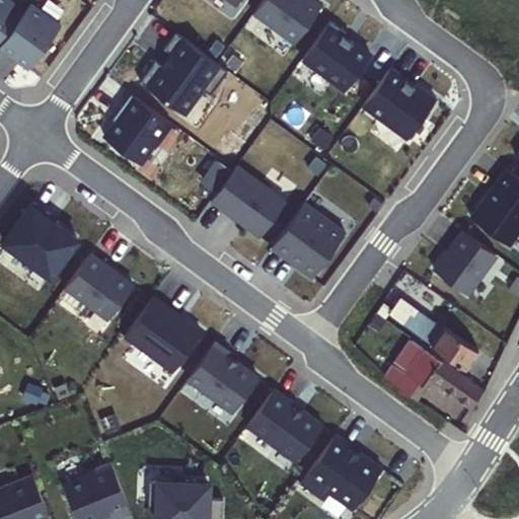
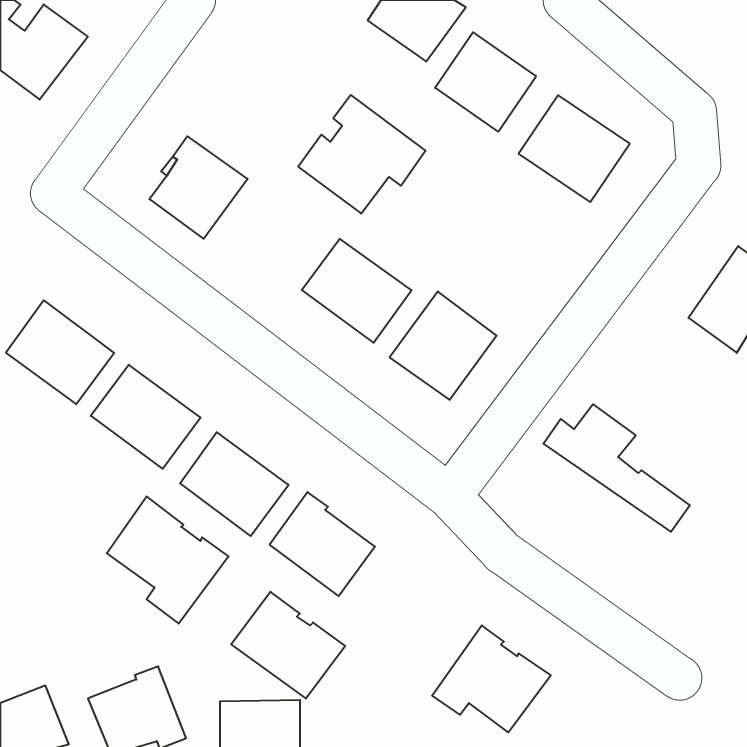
building: [140,33,228,116] -> [298,95,426,214]
building: [433,231,498,297] -> none
building: [384,340,483,410] -> none
building: none -> [107,496,229,624]
building: [246,389,325,463] -> [231,592,345,699]

